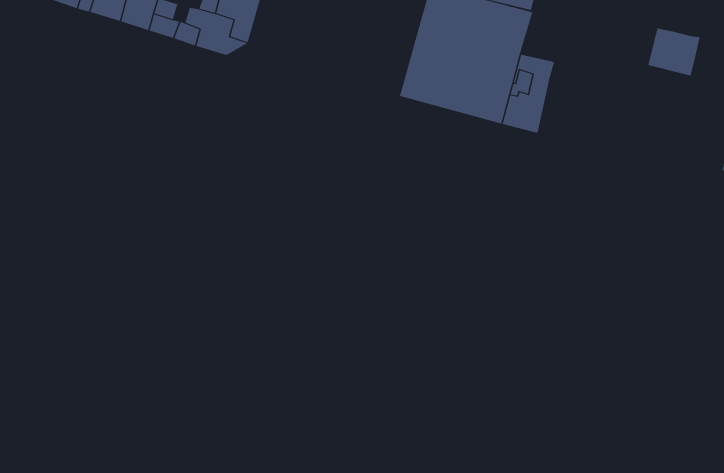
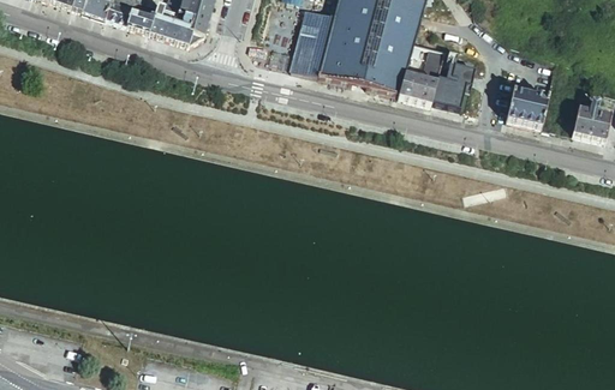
building: none -> [291,11,336,76]
building: [648,28,701,76] -> [504,90,545,127]
building: none -> [429,62,464,108]

